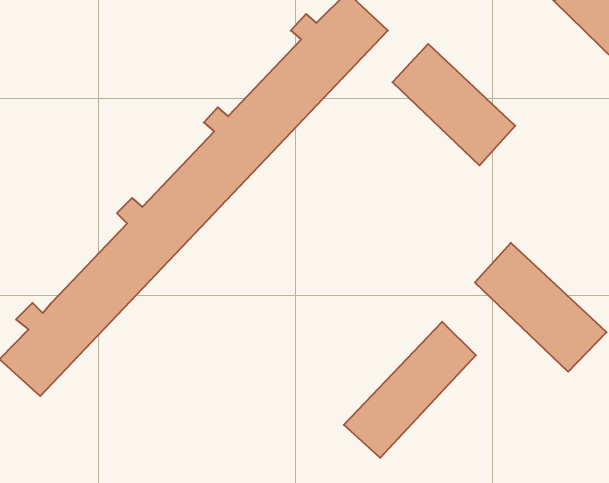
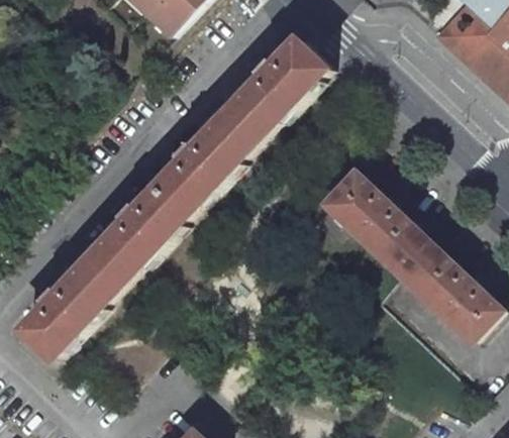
building: [392,44,515,165] -> [327,171,424,266]
building: [344,322,476,458] -> none

